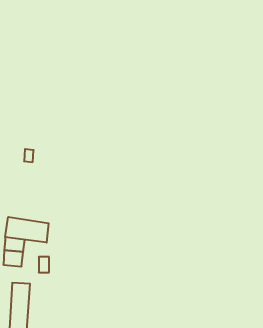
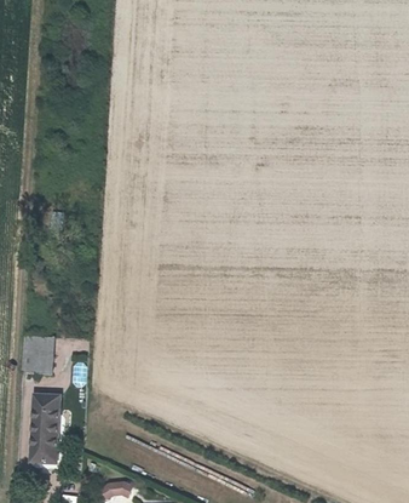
building: [5,217,49,243] -> none

